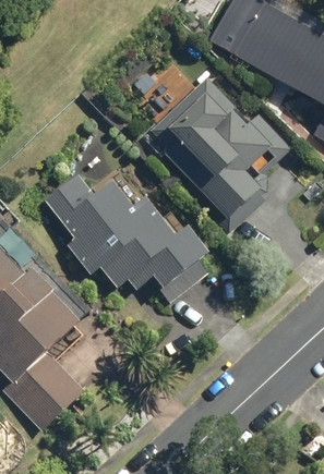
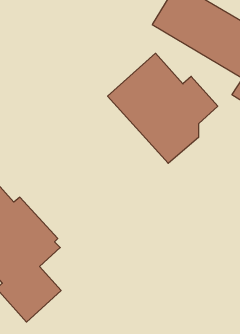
building: [44,172,209,289] -> none

